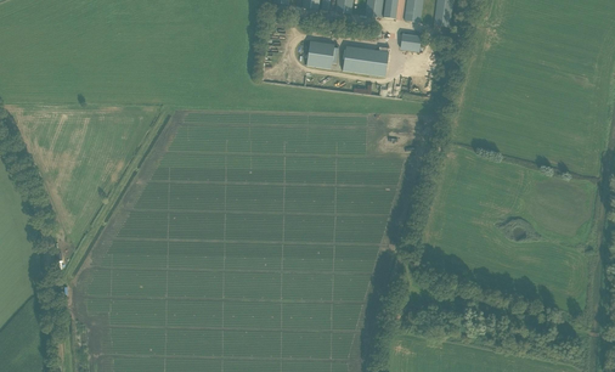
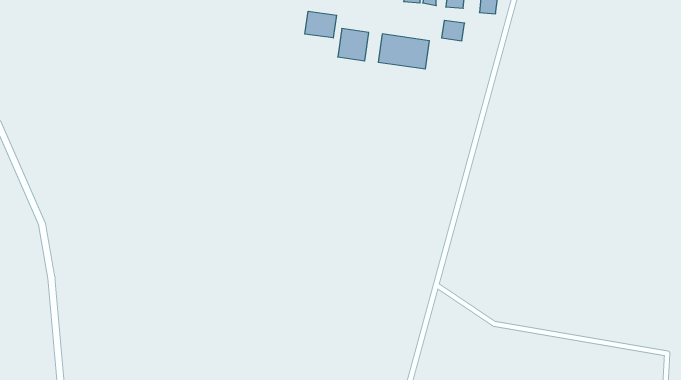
building: none -> [305,11,337,38]

